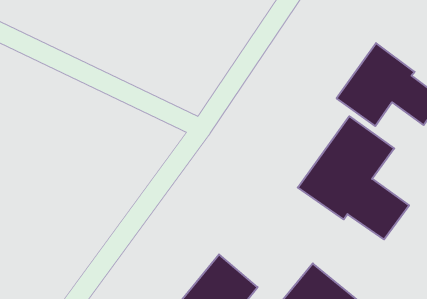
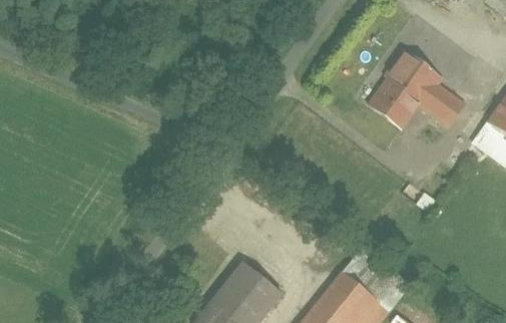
building: [298,116,409,239] -> none

